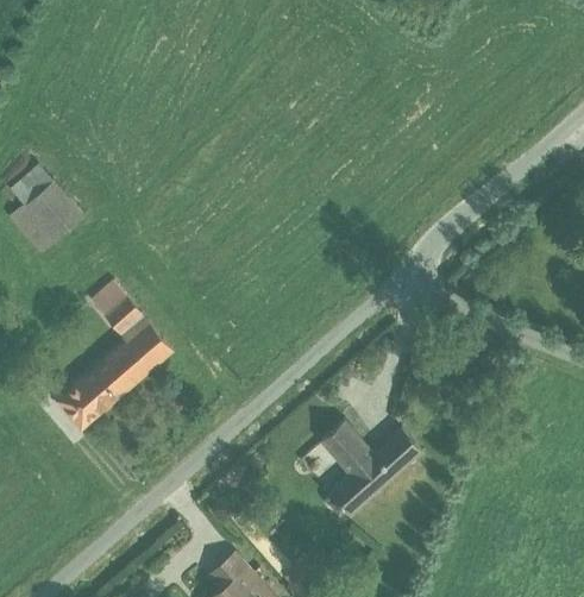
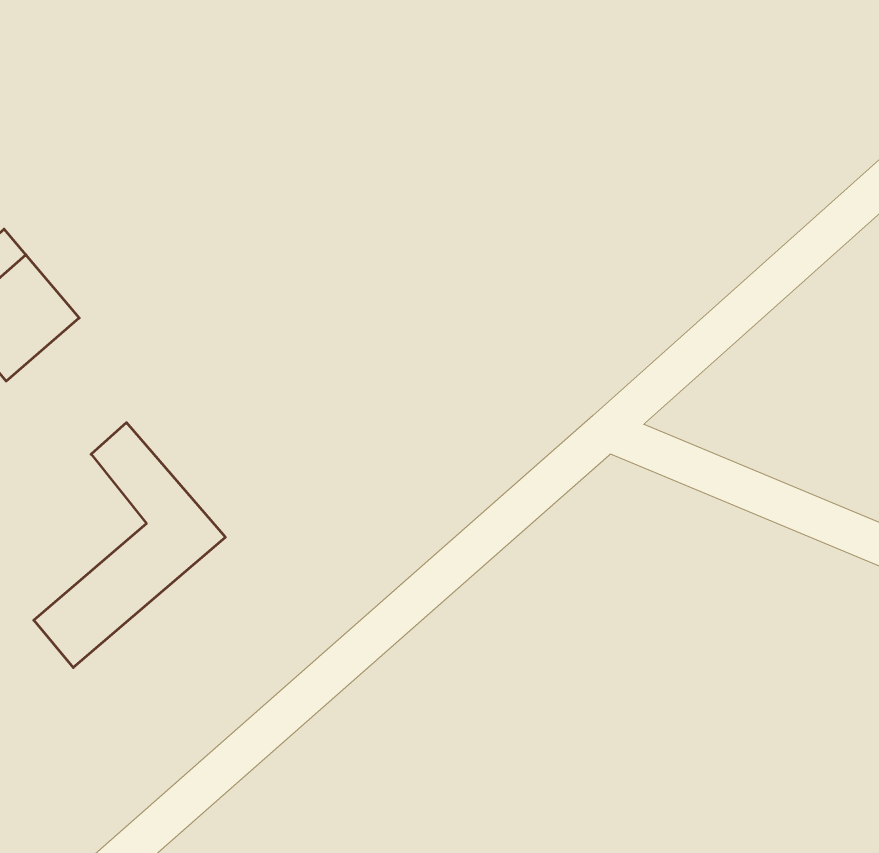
building: [320,422,421,517] -> none

